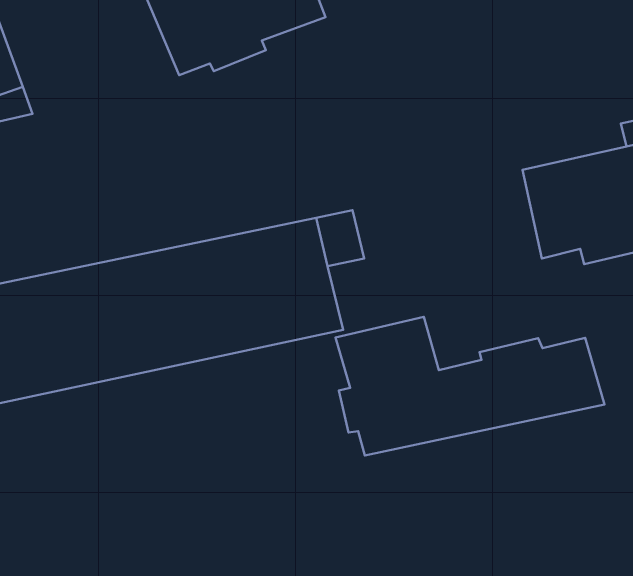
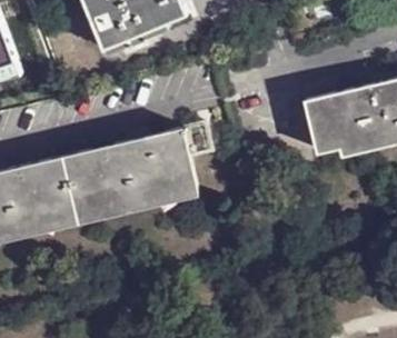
building: [335,317,605,456] -> none

